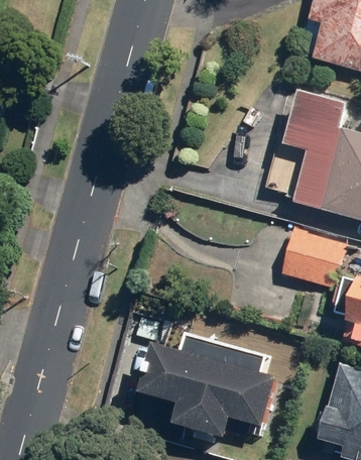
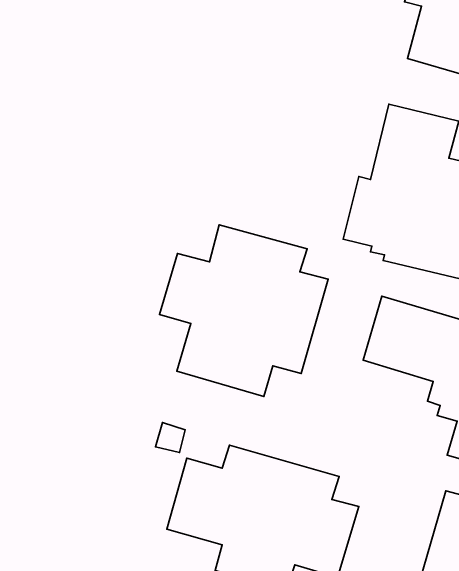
building: none -> [159,225,328,396]

